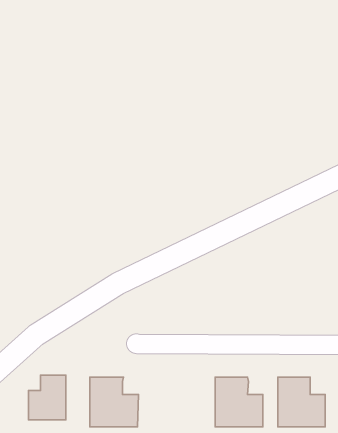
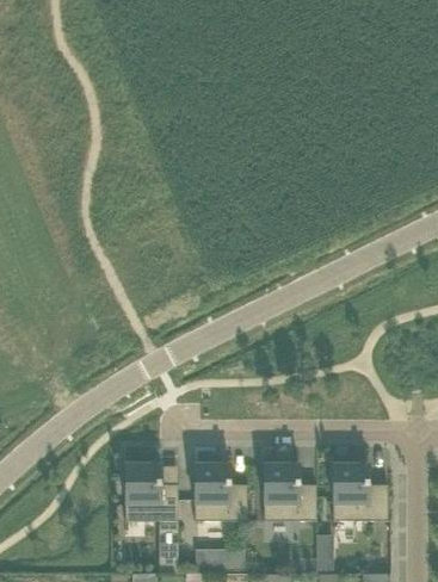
building: [29,375,66,420] -> none
building: none -> [193,463,246,518]

